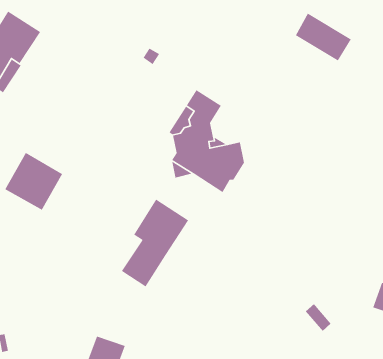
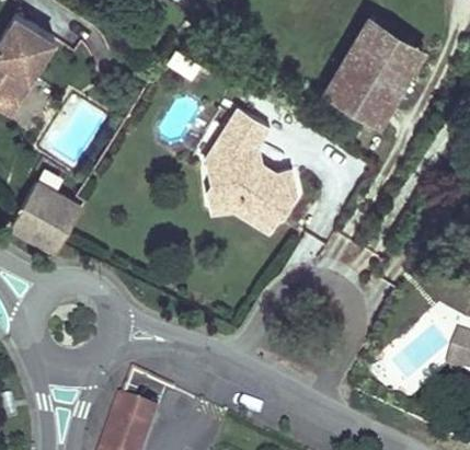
building: none -> [325,45,406,124]
building: [121,199,189,287] -> none

